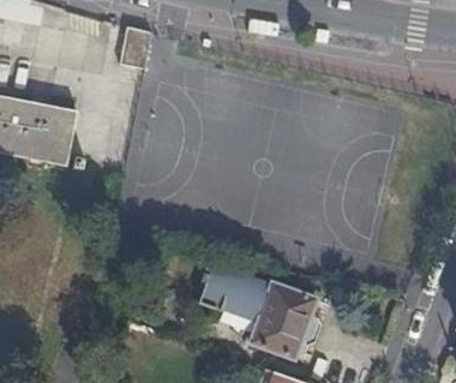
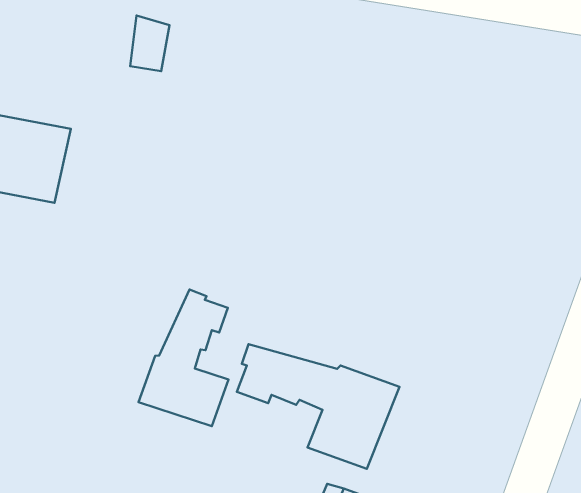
building: none -> [138,289,228,426]

